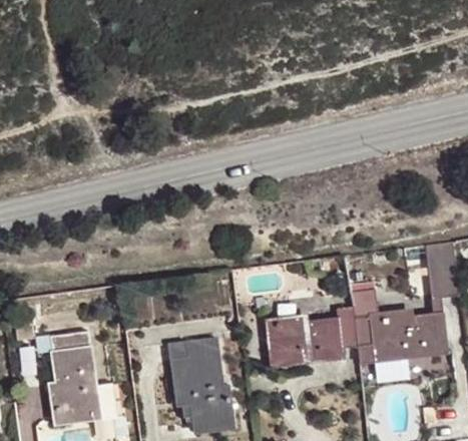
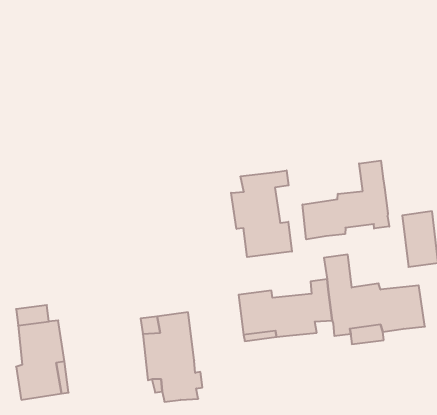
building: none -> [303,161,389,239]
building: none -> [231,170,292,257]

